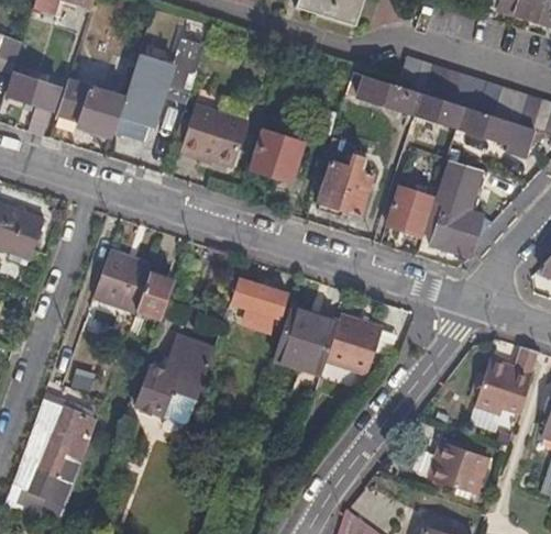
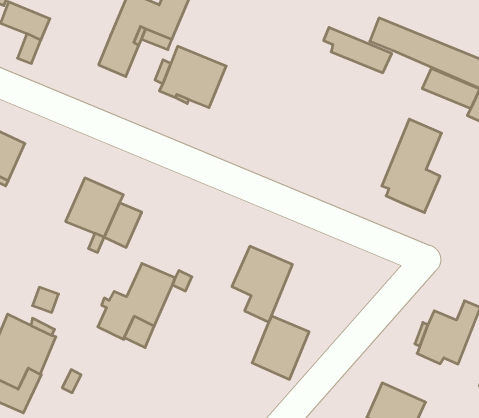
building: [58,81,125,138] -> none
building: [415,93,465,127] -> none
building: [253,132,300,179] -> none
building: [318,137,374,216] -> none
building: [387,183,432,235] -> none
building: [220,279,288,336] -> none
building: [323,314,381,379] -> [252,316,309,379]

